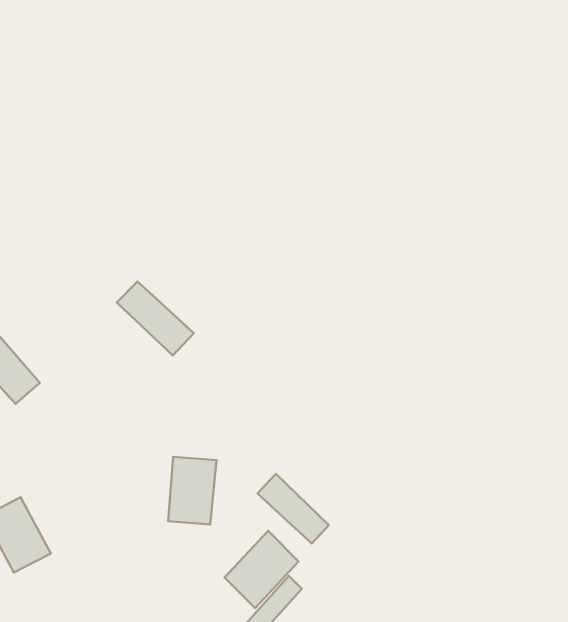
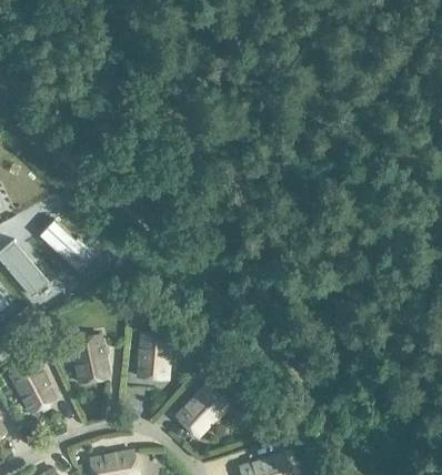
building: [117,282,194,356] -> [38,220,91,271]
building: none -> [70,333,108,382]
building: [258,474,329,543] -> none

